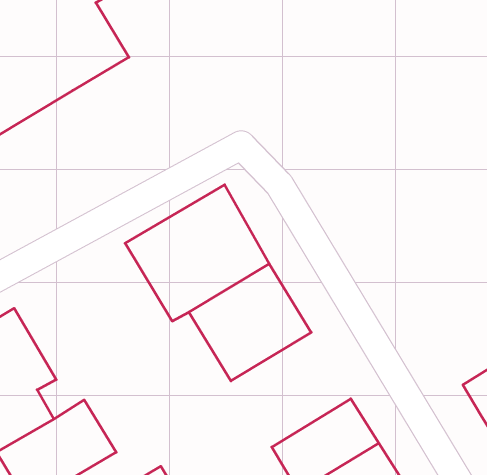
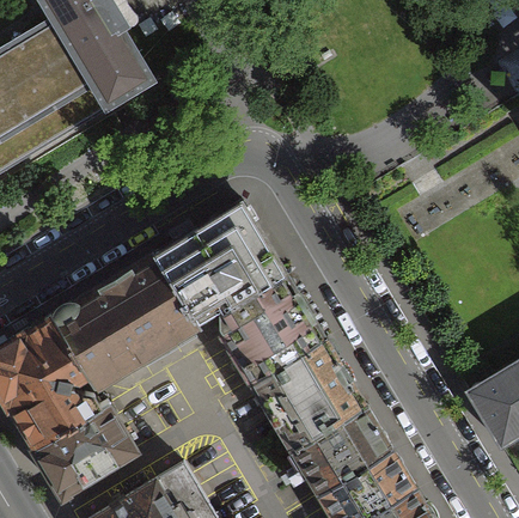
building: none -> [47,258,195,392]
building: none -> [250,342,362,450]

